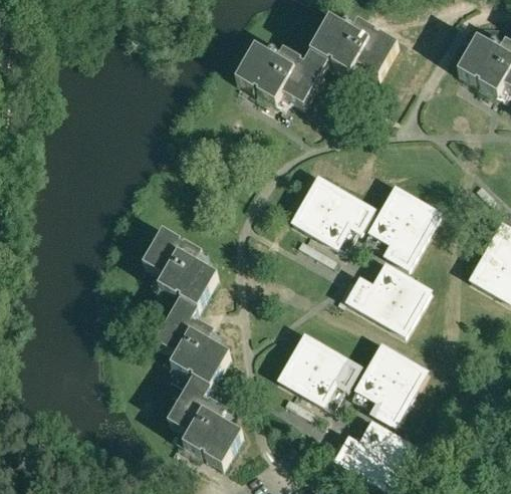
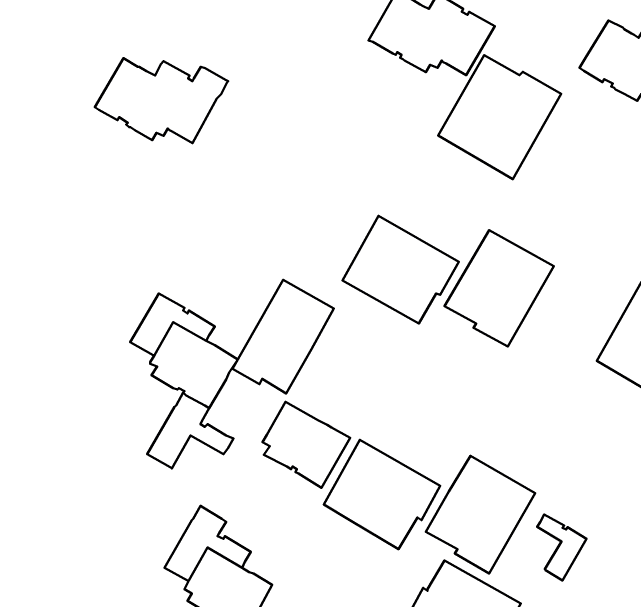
building: [235,47,328,106] -> [95,58,228,143]
building: none -> [438,55,561,179]
building: none -> [232,280,334,394]
building: [346,258,429,333] -> none
building: [169,329,230,390] -> [262,402,350,488]
building: none -> [537,514,586,581]

